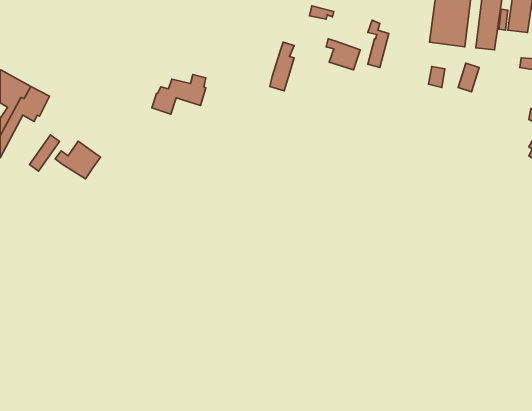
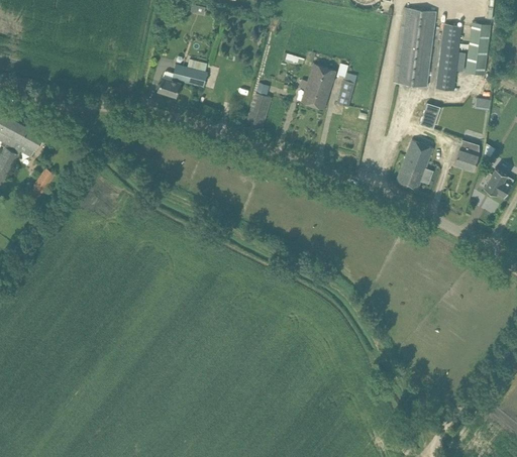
building: none -> [308,65,336,91]
building: [152,75,206,114] -> [159,61,208,97]
building: none -> [454,139,480,172]
building: none -> [397,140,432,189]
building: [55,141,100,179] -> none

